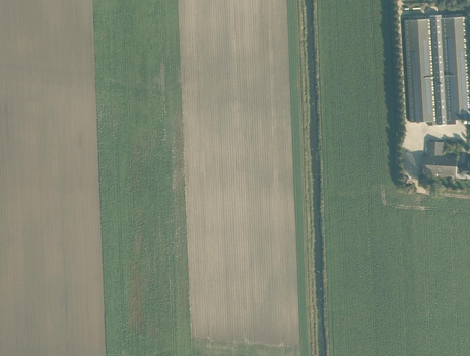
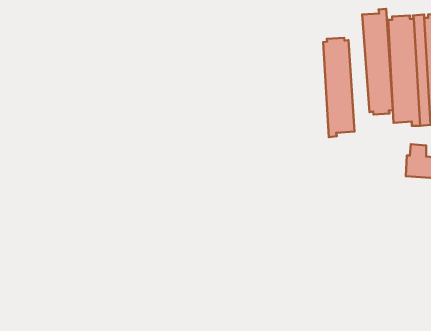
building: none -> [362,9,393,114]
building: none -> [323,38,354,137]

